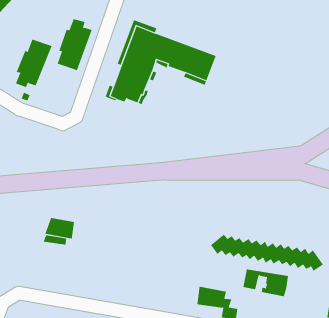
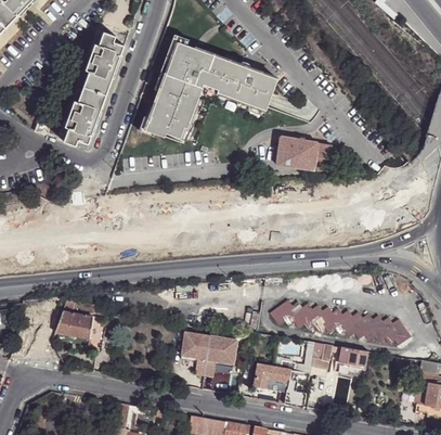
building: [15,39,53,88] -> [60,88,106,149]
building: none -> [277,136,332,169]
building: [44,217,75,239] -> [54,311,92,338]
building: none -> [182,331,235,375]

